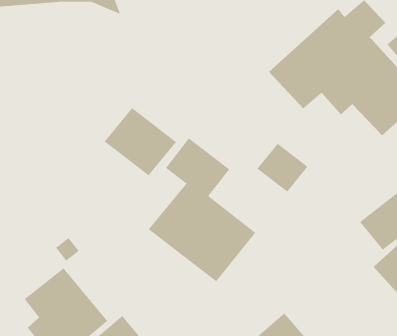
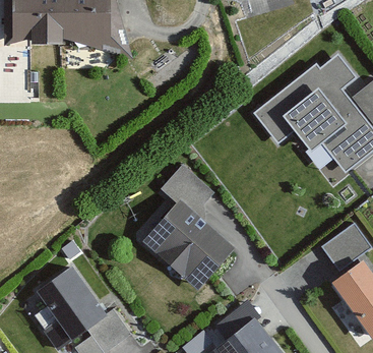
building: [104,107,177,176] -> none
building: [257,143,308,192] -> none

